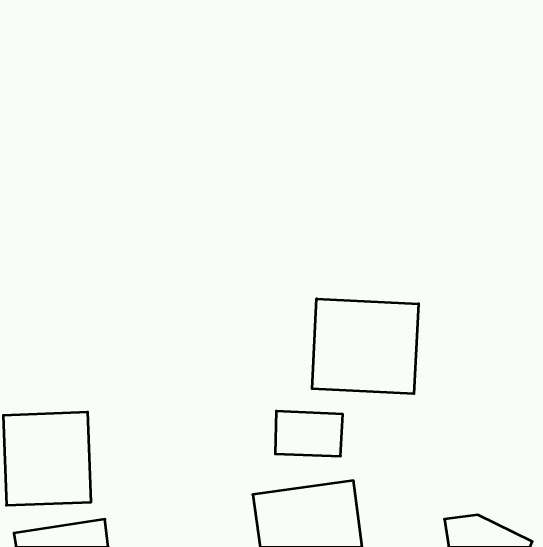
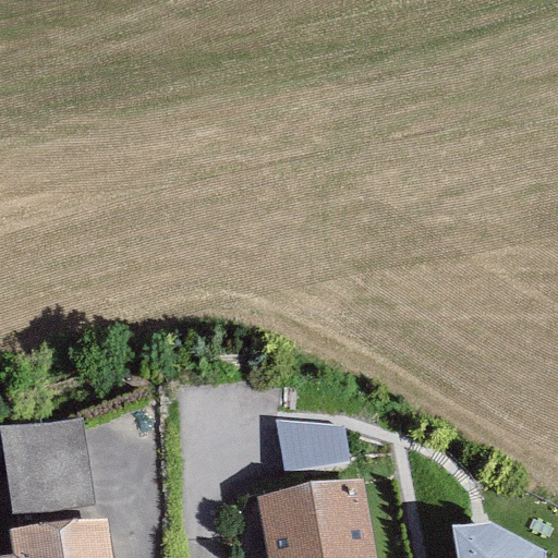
building: [312,299,419,394] -> none

